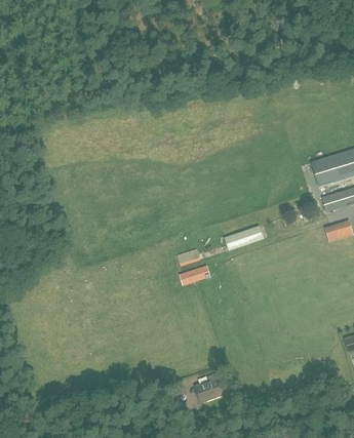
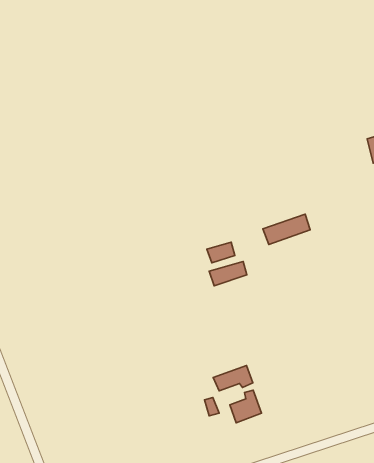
building: none -> [213,366,253,391]

